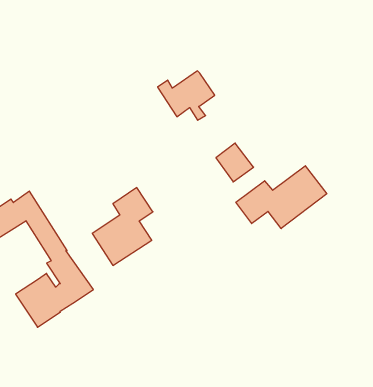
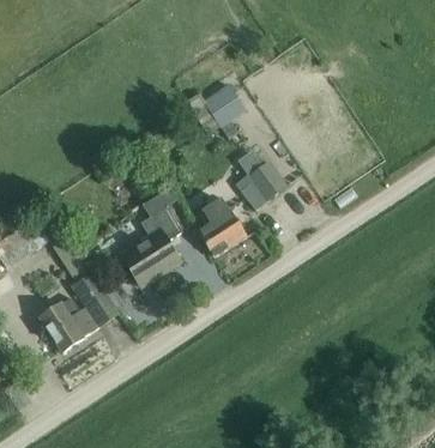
building: [236,166,327,229] -> none
building: none -> [198,196,247,255]

